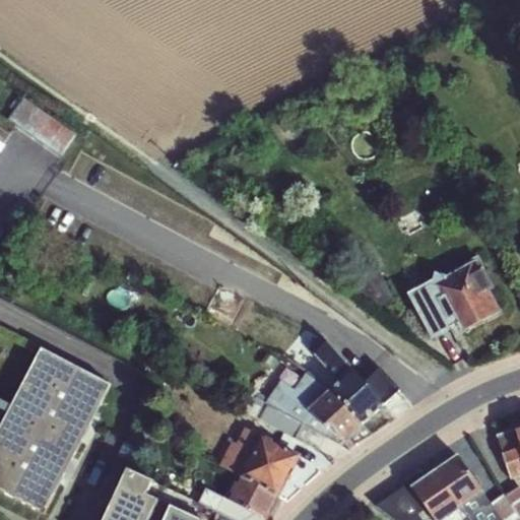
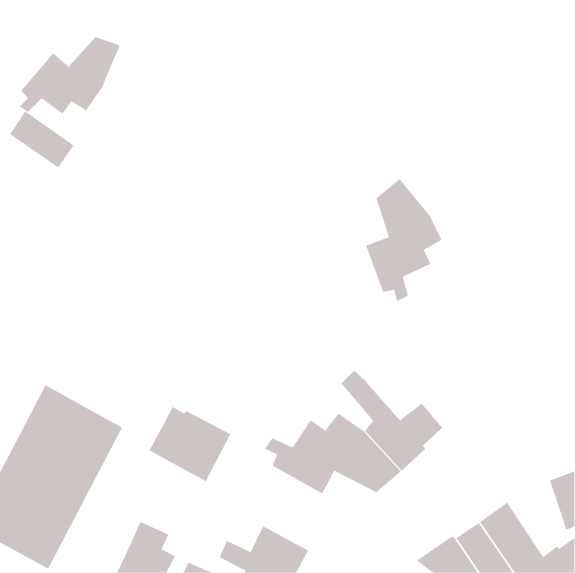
building: none -> [19,36,121,115]
building: none -> [366,178,442,302]
building: [406,254,502,339] -> none
building: [226,428,301,496] -> [149,406,231,482]

